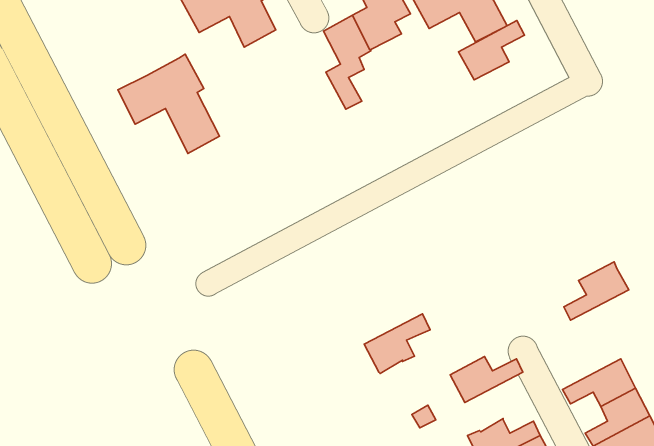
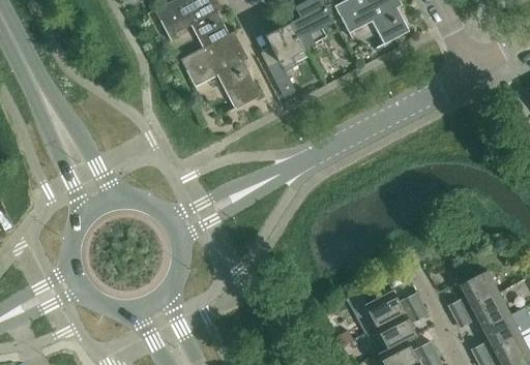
building: [458,21,524,80] -> none
building: [118,54,220,153] -> [181,32,261,110]
building: [564,262,629,320] -> [448,271,499,316]
building: [364,314,430,373] -> [377,303,429,349]

